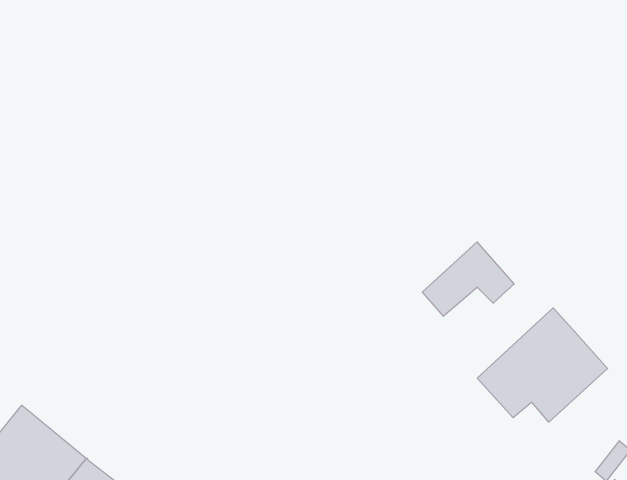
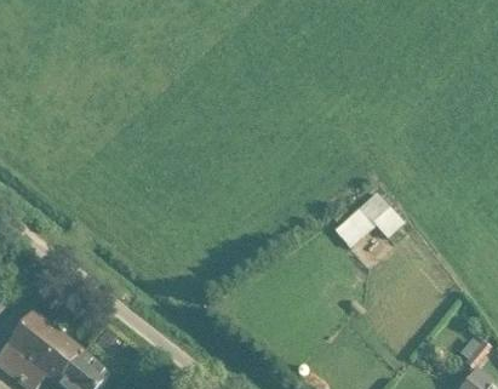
building: [477,308,608,422] -> none

